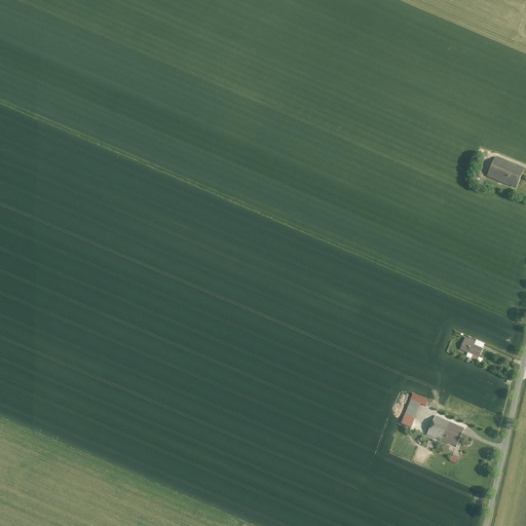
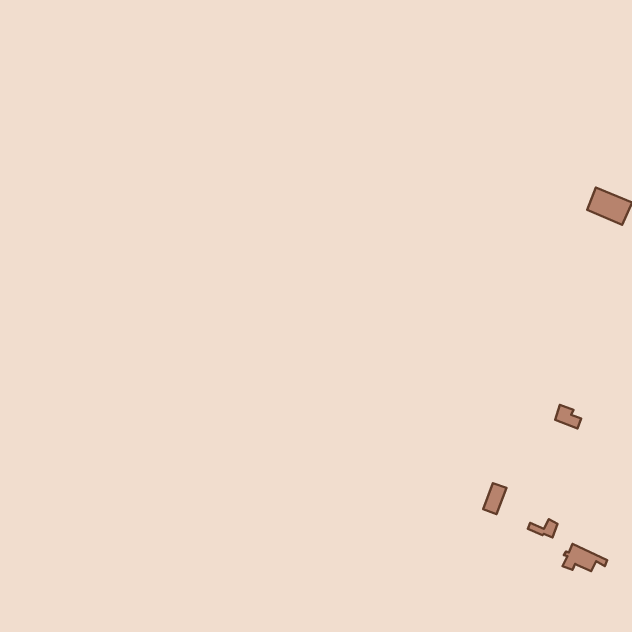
building: [426,415,463,438] -> [563,544,607,571]

